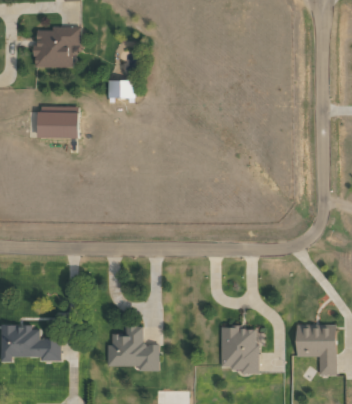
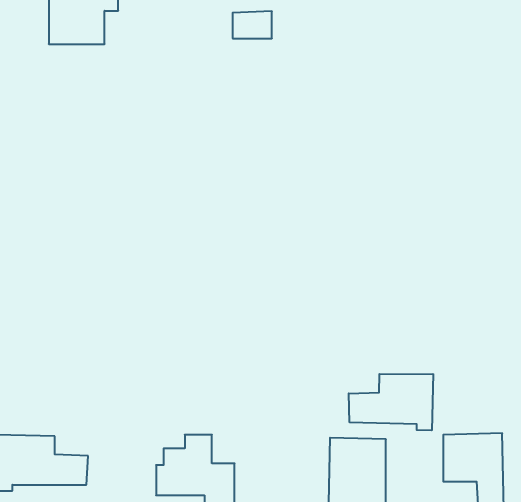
building: [108,79,134,97] -> [233,11,272,38]
building: [37,106,78,138] -> none
building: none -> [349,374,433,430]

